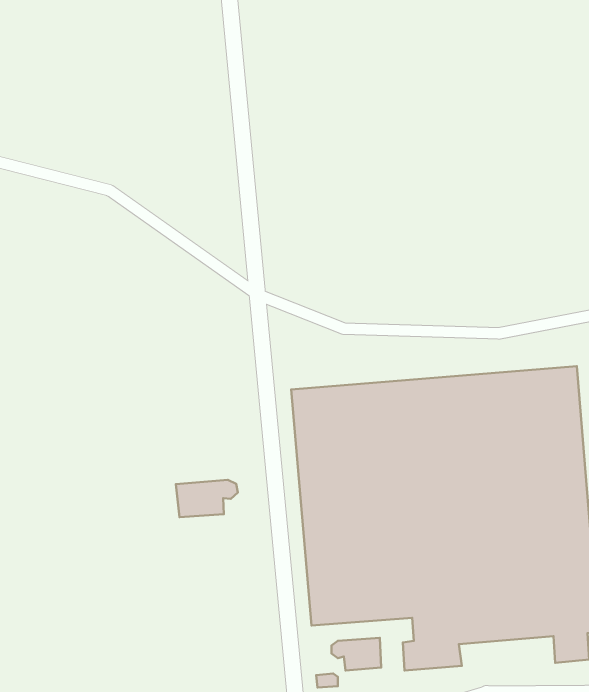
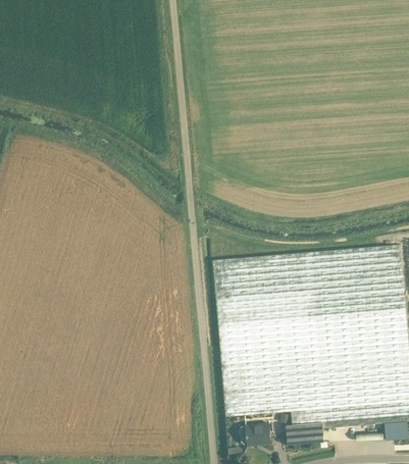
building: [176,480,238,517] -> none

